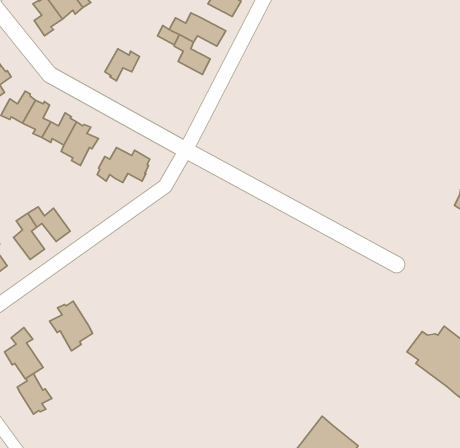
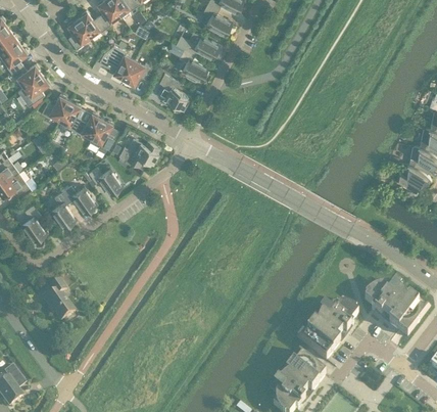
building: none -> [98,45,134,79]
building: none -> [157,74,190,112]
building: none -> [88,167,122,195]
building: [49,301,92,351] -> none
building: none -> [296,303,357,362]
building: [17,374,52,414] -> none

